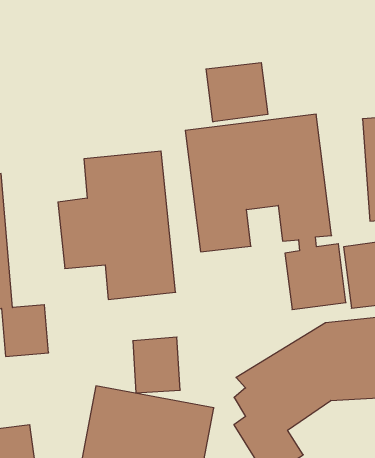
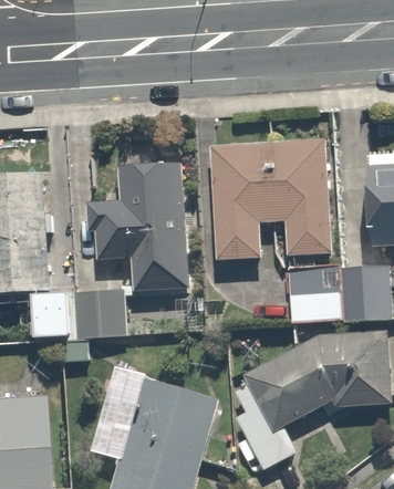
building: [206,63,268,122] -> none
building: [133,337,180,393] -> [80,292,121,340]

